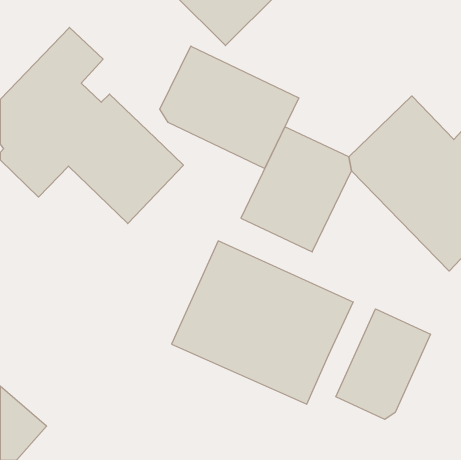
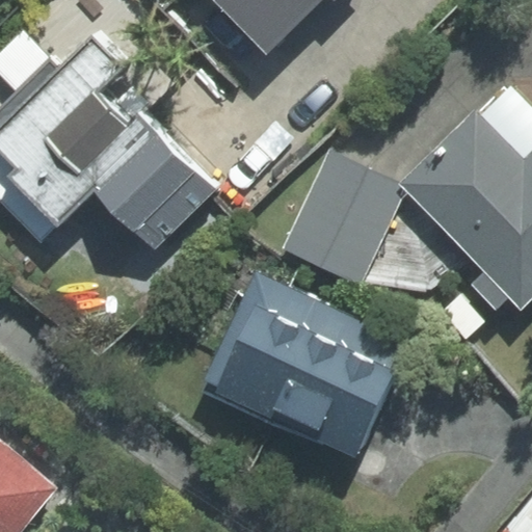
building: [160,46,299,168] -> none
building: [336,309,430,419] -> none

